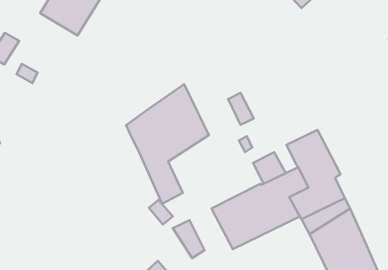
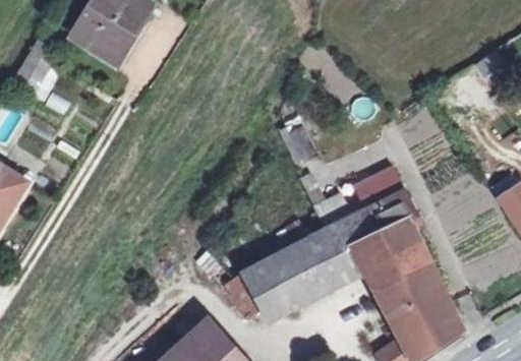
building: [126,84,209,204] -> none
building: none -> [243,257,293,317]

